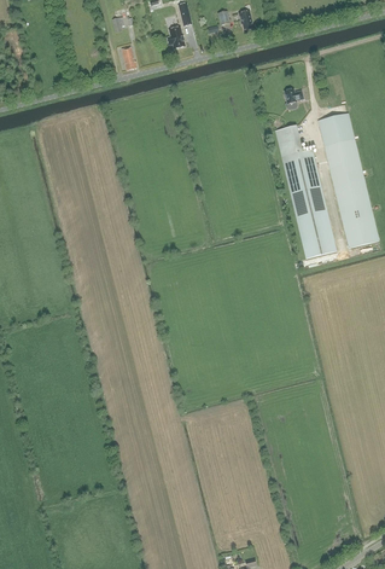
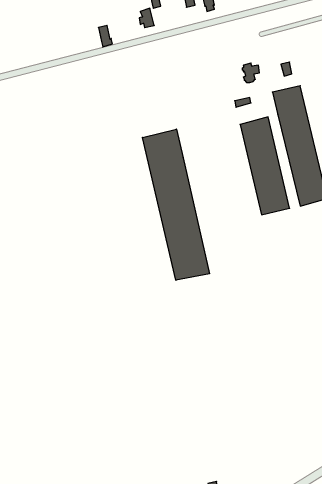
building: none -> [142,129,209,280]

